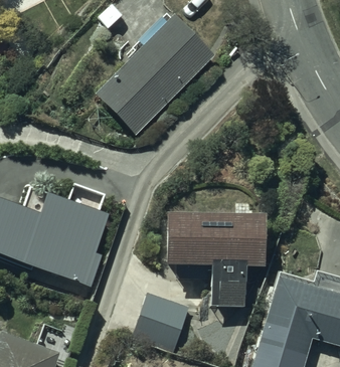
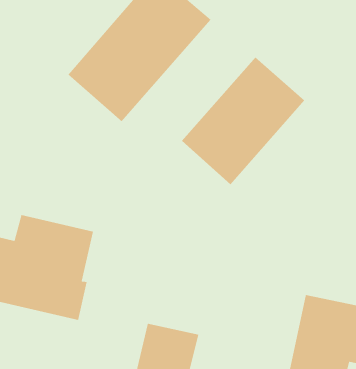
building: none -> [181,57,305,185]
building: [167,217,265,308] -> none

